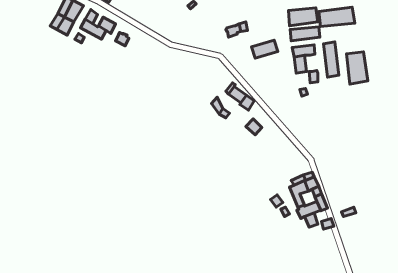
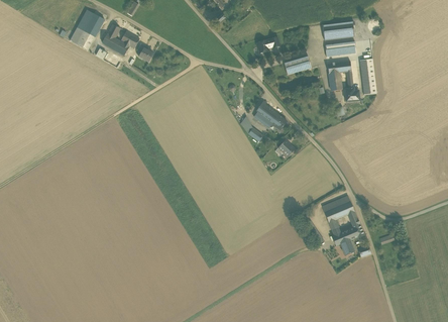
building: [319,7,355,27] -> none
building: [346,52,368,84] -> none

